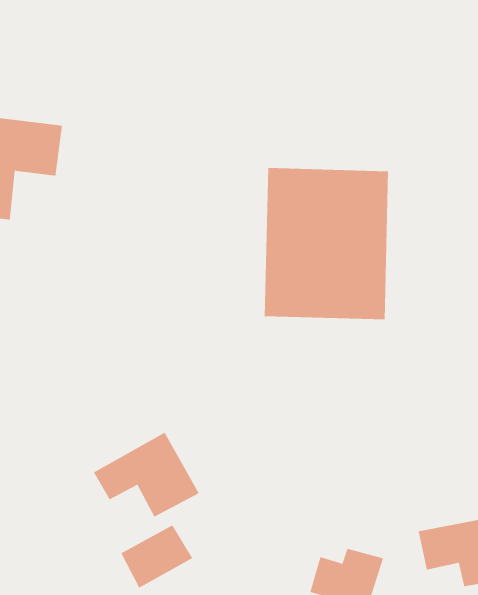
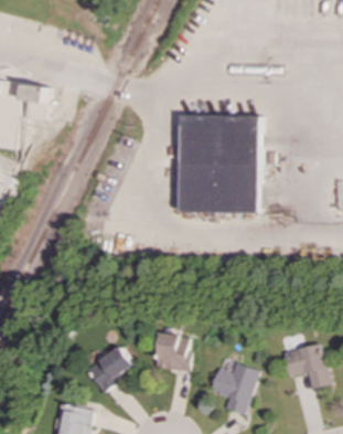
building: [93,432,200,518] -> none
building: none -> [154,332,191,372]

